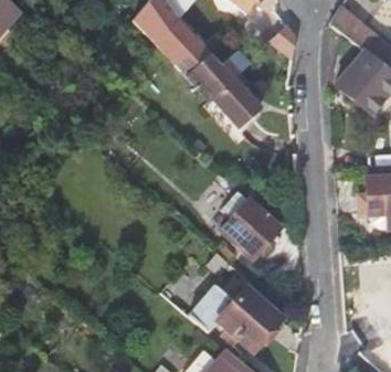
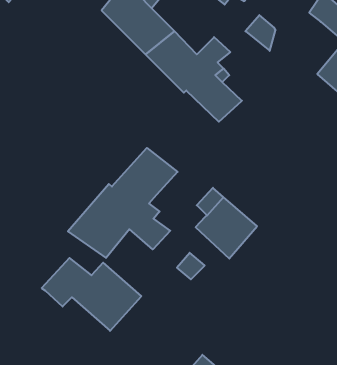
building: none -> [68,148,178,258]
building: [187,284,282,353] -> [42,258,141,331]

